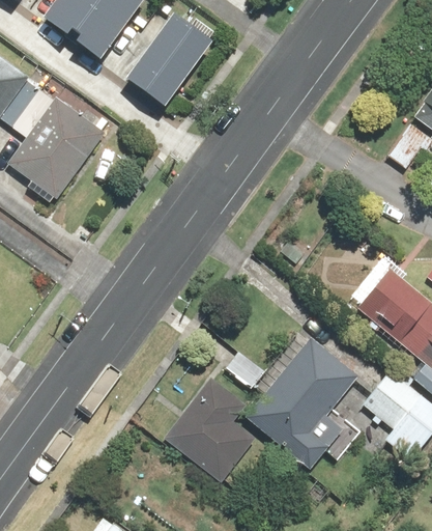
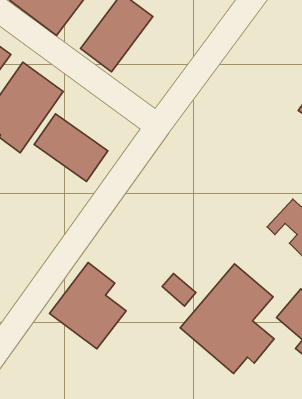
building: none -> [34,114,108,181]
building: [164,379,256,482] -> [50,263,126,349]

